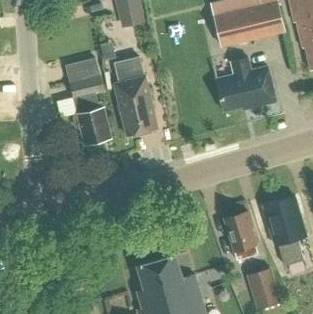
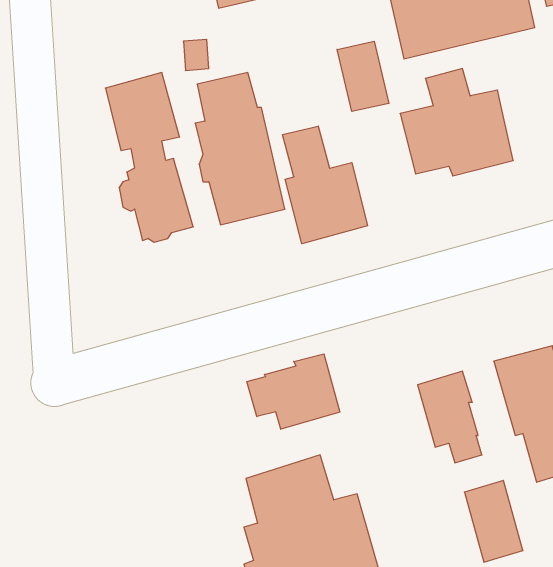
building: none -> [337,41,389,111]
building: none -> [283,126,367,244]
building: none -> [247,354,340,429]

